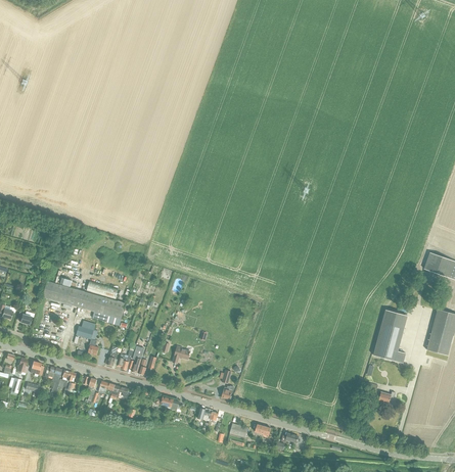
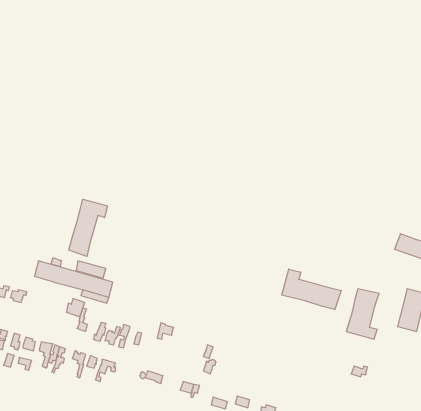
building: none -> [69,199,107,256]
building: none -> [282,269,341,310]

